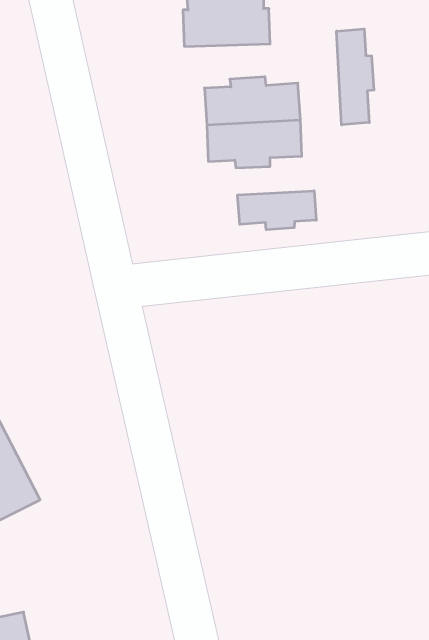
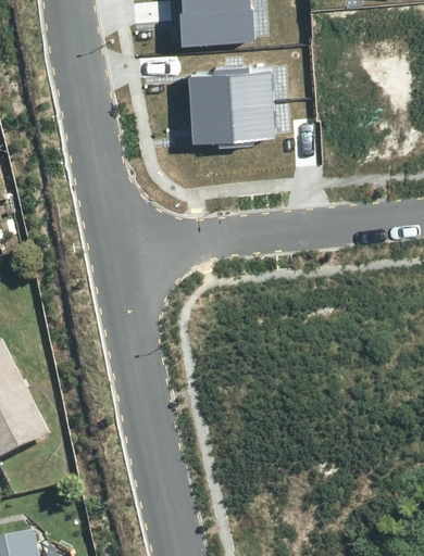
building: [337,29,374,125] -> none
building: [238,191,316,230] -> none

